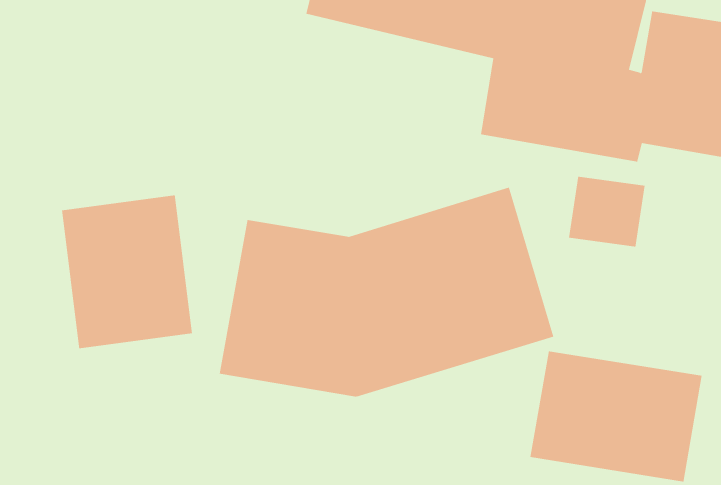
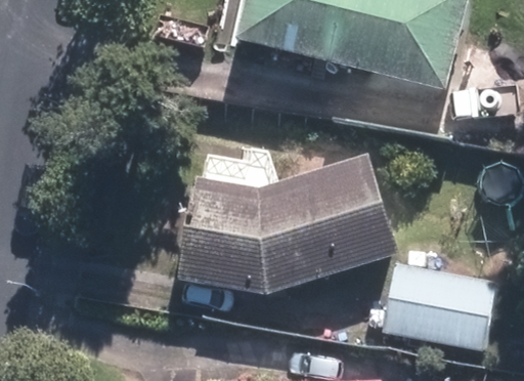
building: [62,195,192,349] -> none

